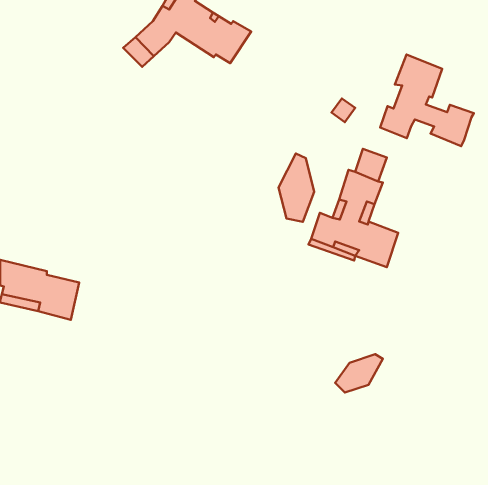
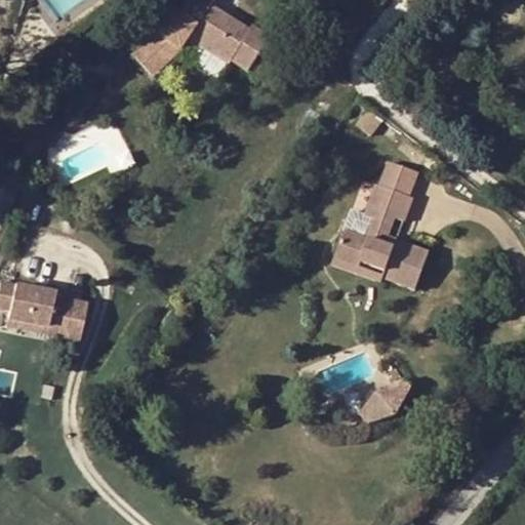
building: [380,54,474,146] -> none
building: [278,154,314,222] -> none

